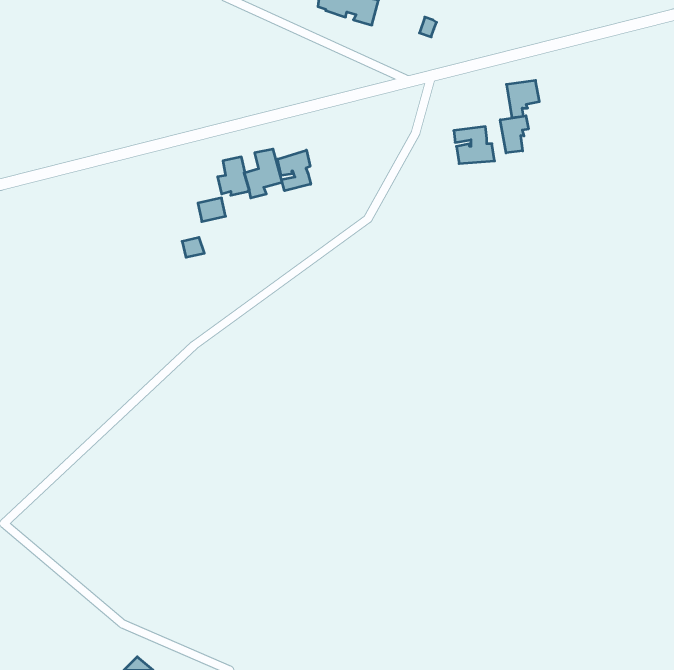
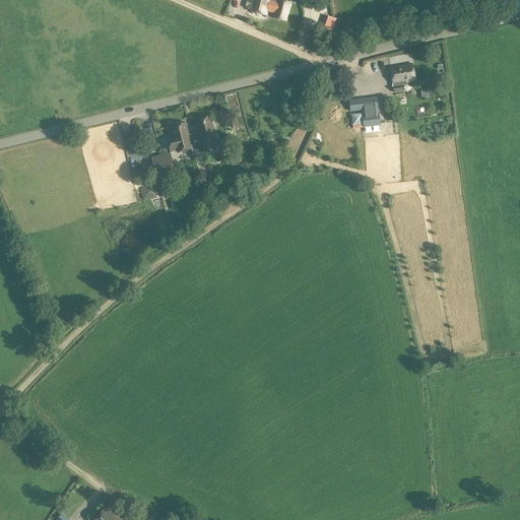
building: [500,116,528,153] -> none
building: [278,150,311,191] -> none

